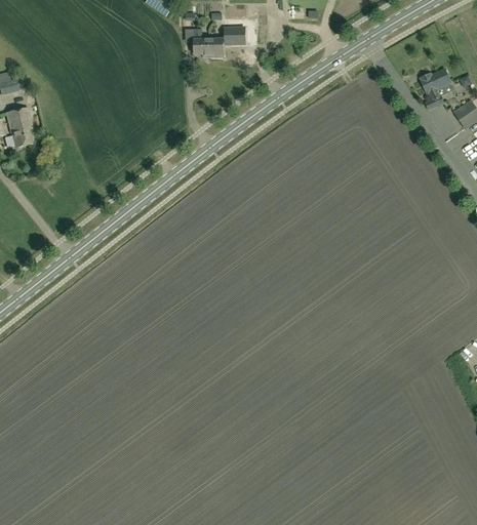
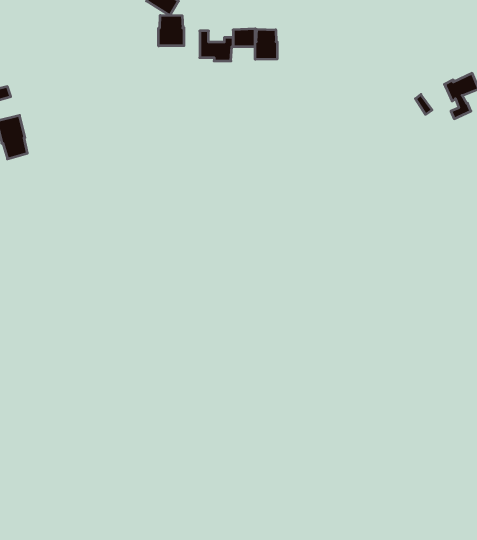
building: none -> [159,15,184,46]
building: none -> [255,29,277,59]

